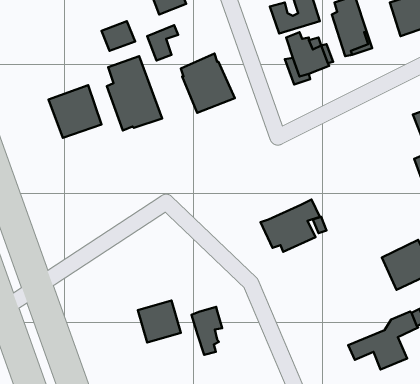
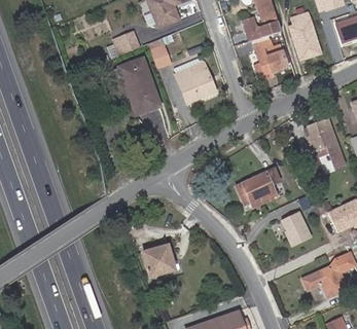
building: [49,85,102,138] -> none
building: none -> [307,118,345,168]
building: none -> [278,210,312,247]
building: [191,307,222,355] -> none

